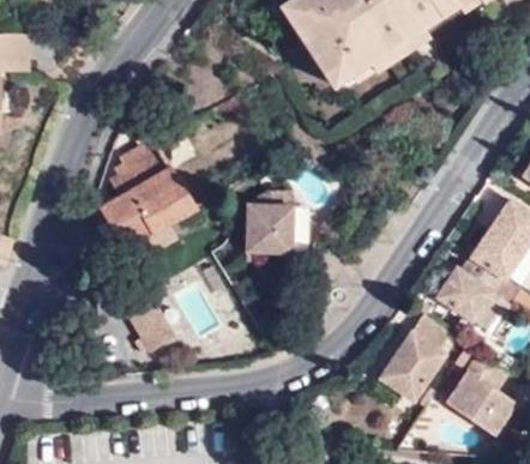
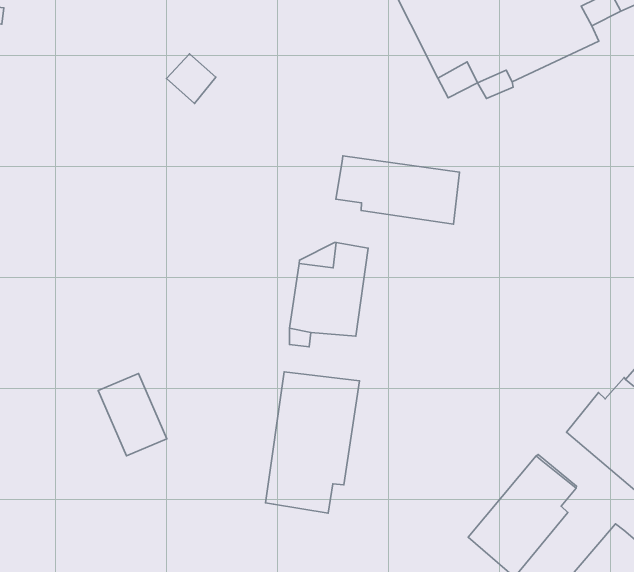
building: none -> [336,156,459,224]
building: [98,139,197,254] -> none
building: none -> [266,372,359,513]

